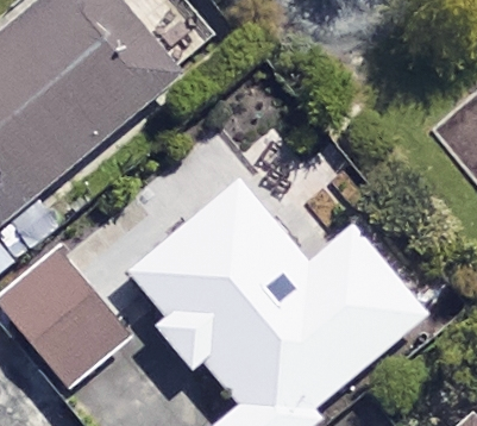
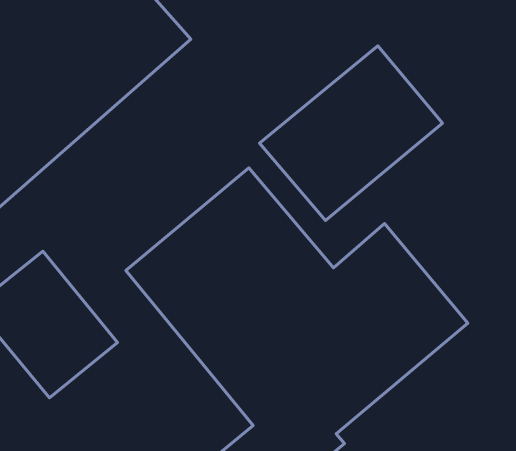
building: none -> [259,46,442,221]

